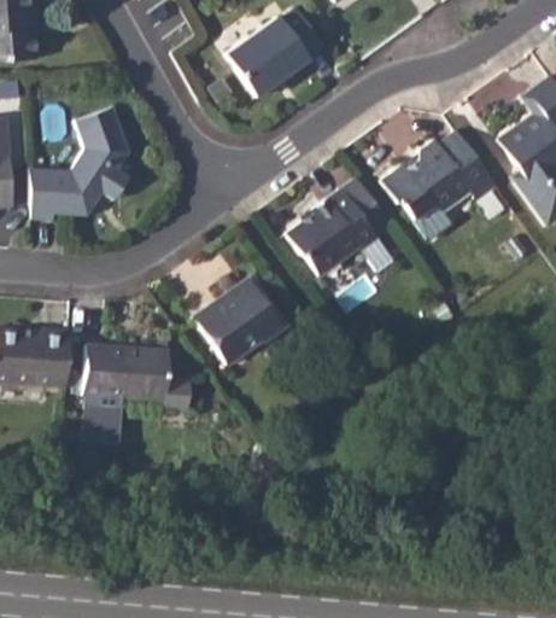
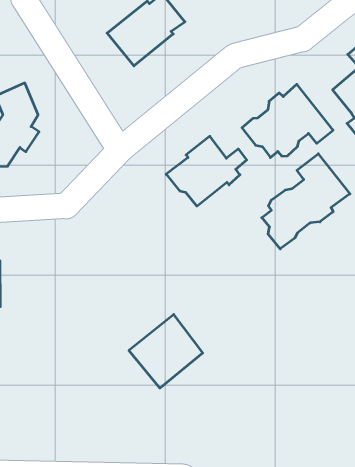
building: none -> [262,154,350,249]
building: [193,278,286,369] -> [129,314,203,388]
building: [83,343,194,435] -> none

